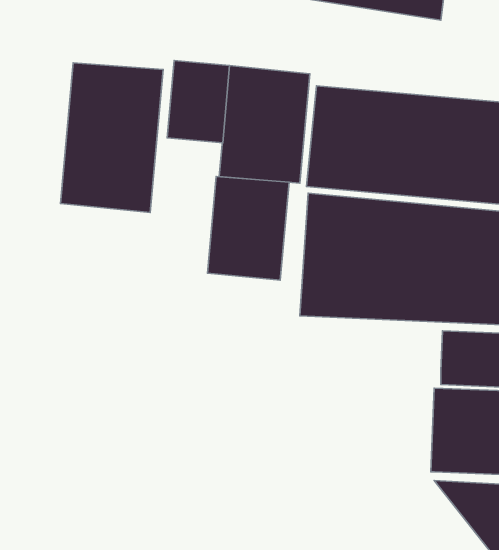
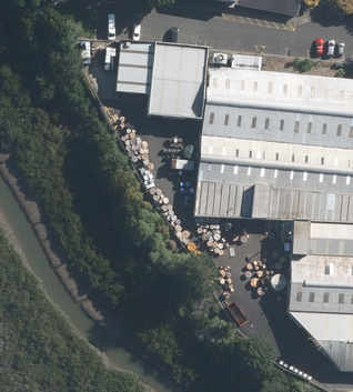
building: [61,63,163,212] -> none
building: [207,177,289,280] -> none

